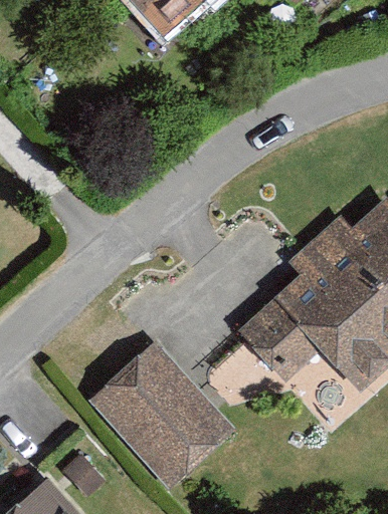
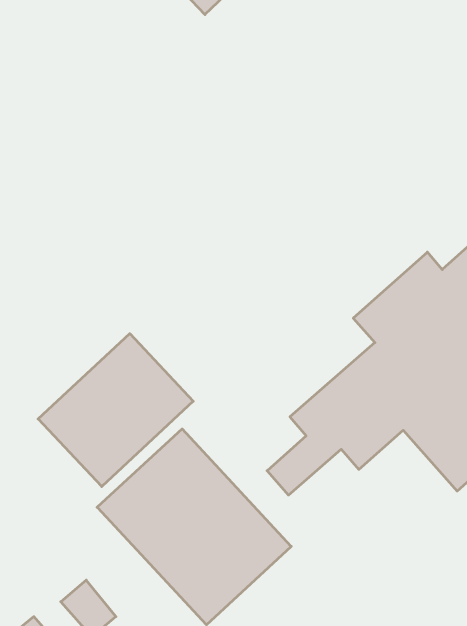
building: none -> [38,334,193,487]

